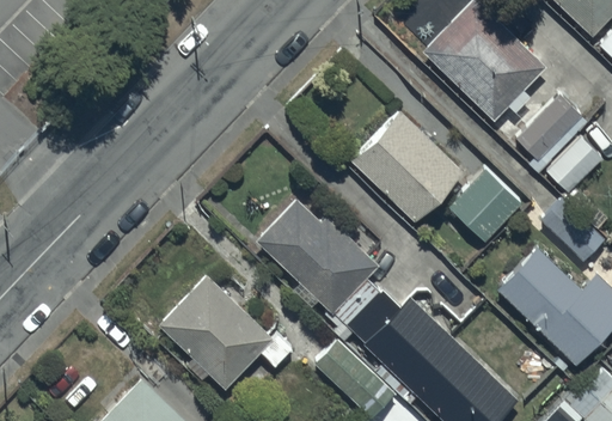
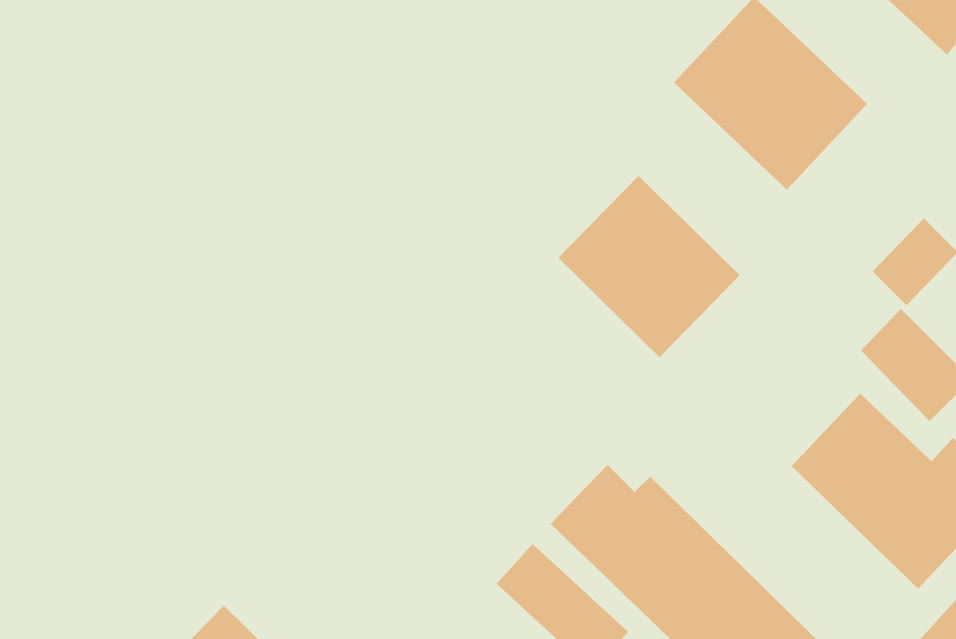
building: [513,92,582,163] -> none
building: [447,169,522,244] -> none
building: [255,200,378,315] -> none
building: [157,276,274,392] -> none

